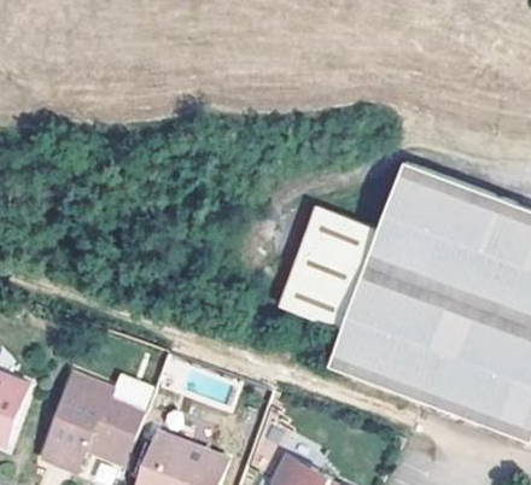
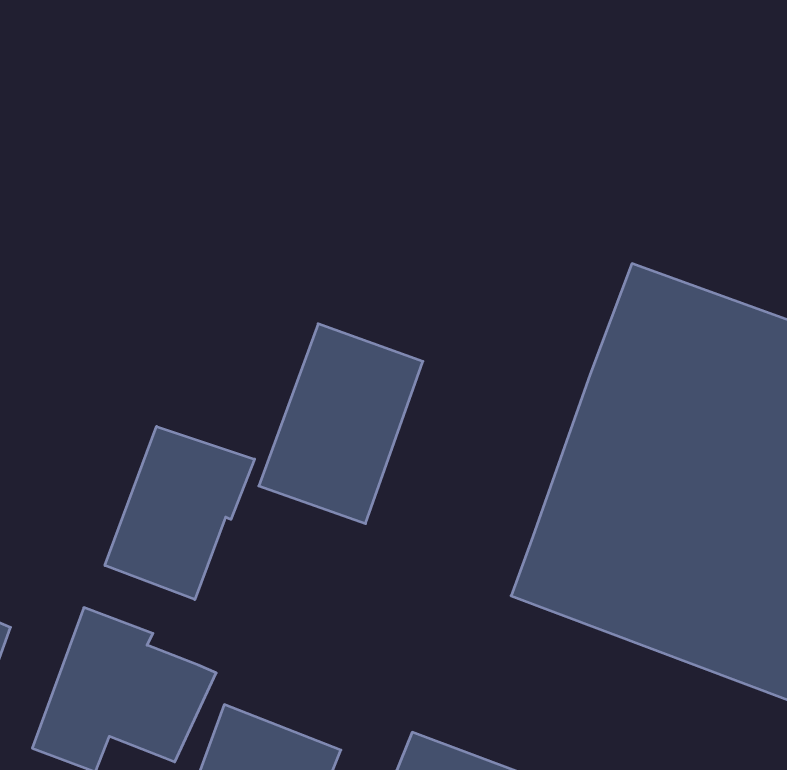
building: [279,206,379,328] -> [259,324,423,524]
building: none -> [105,426,255,600]

